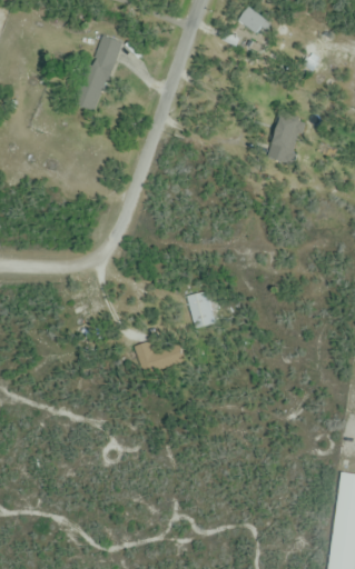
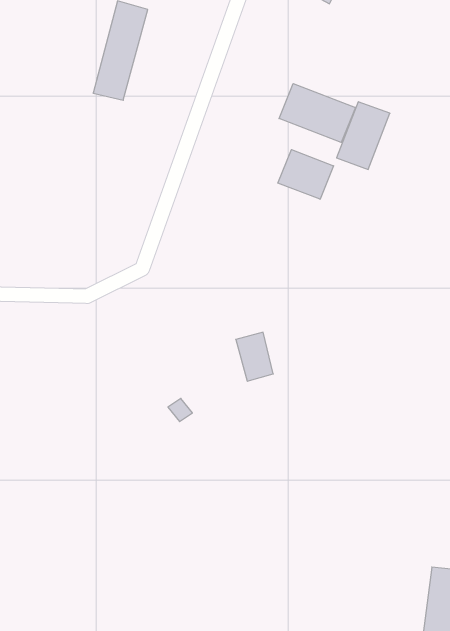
building: none -> [279,84,355,142]
building: none -> [278,150,334,199]

